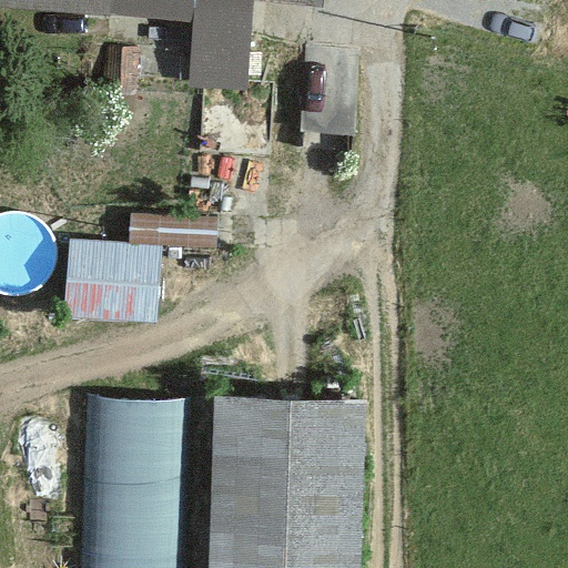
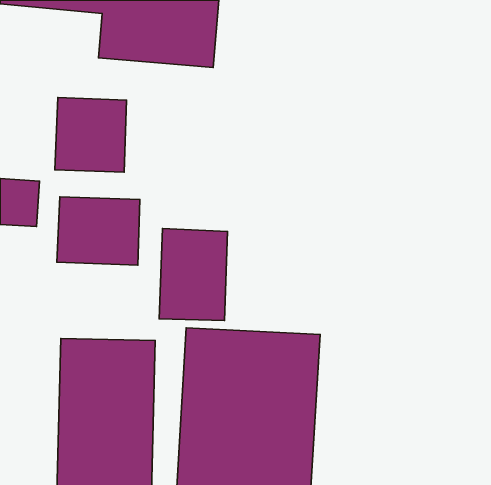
building: none -> [55,98,126,172]
building: none -> [159,229,228,320]

